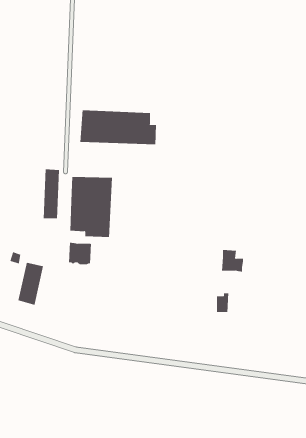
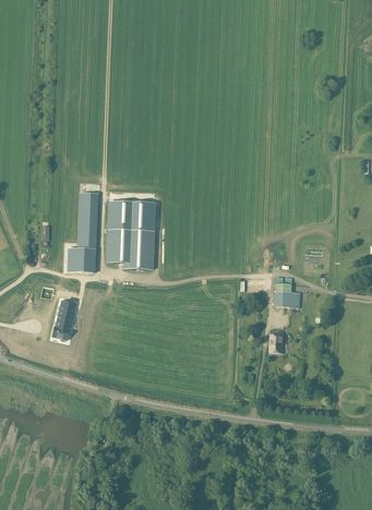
building: [80,109,157,145] -> none
building: [68,242,92,265] -> [68,247,94,272]

